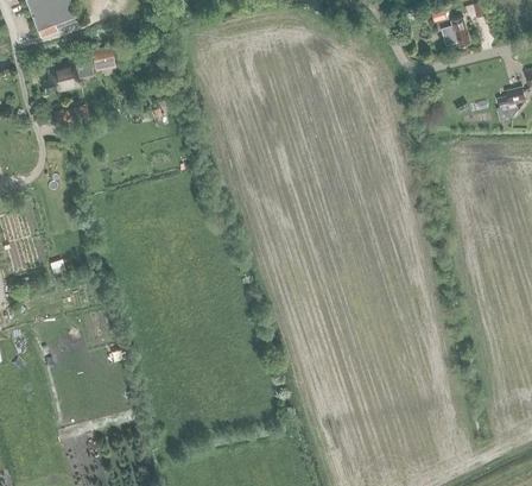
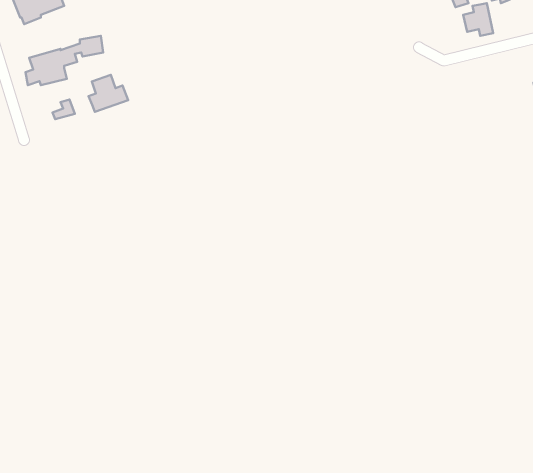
building: none -> [89,75,128,112]

